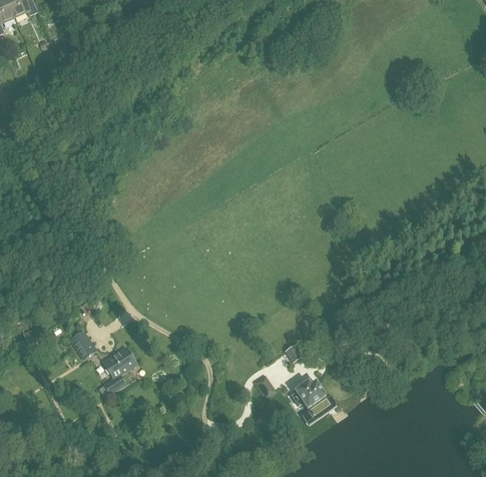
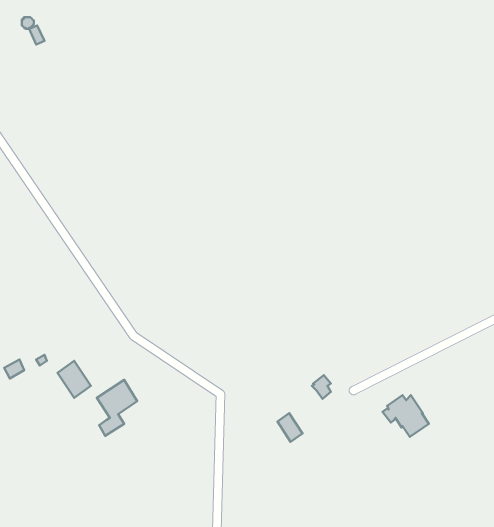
building: [292,380,331,415] -> [382,395,429,437]

